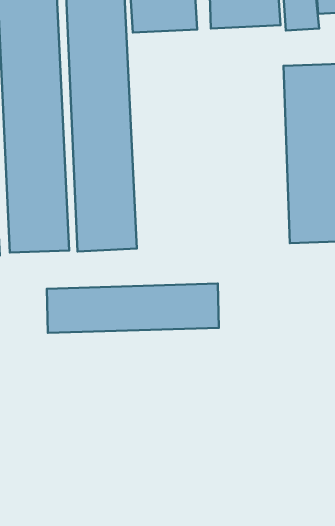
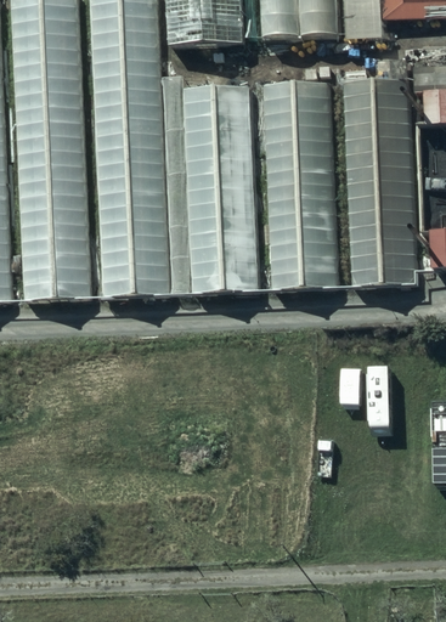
building: none -> [262,81,338,288]
building: none -> [181,87,256,295]
building: [47,284,219,333] -> none

